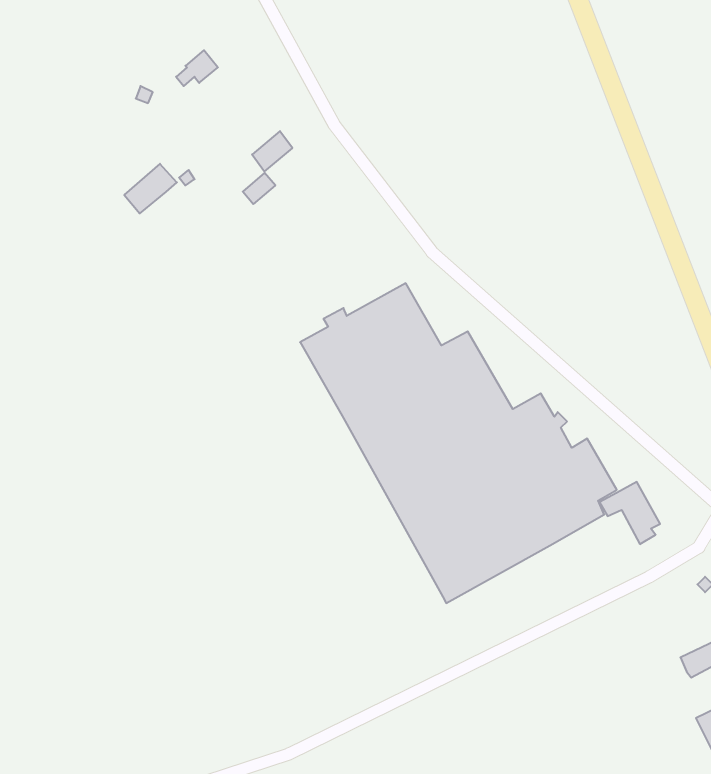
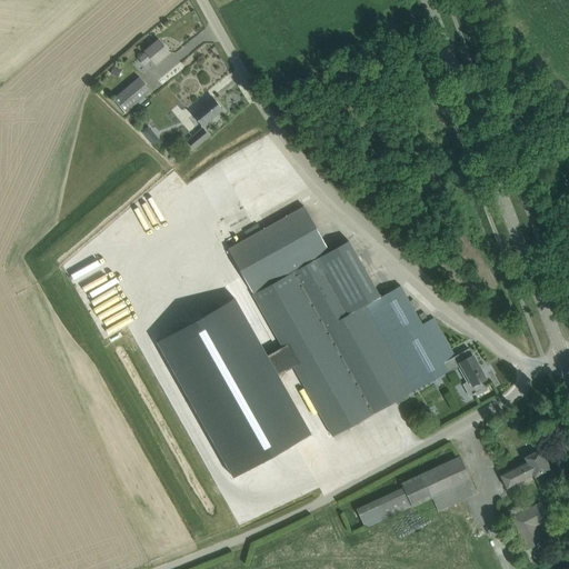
building: [124,164,177,213] -> [113,78,151,113]
building: none -> [162,295,313,471]
building: none -> [355,457,476,529]

